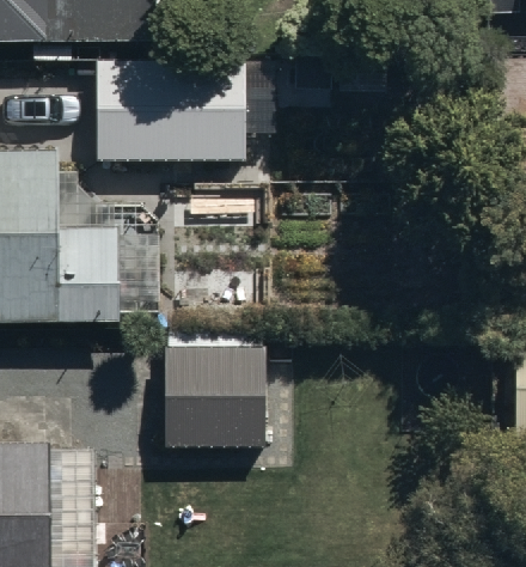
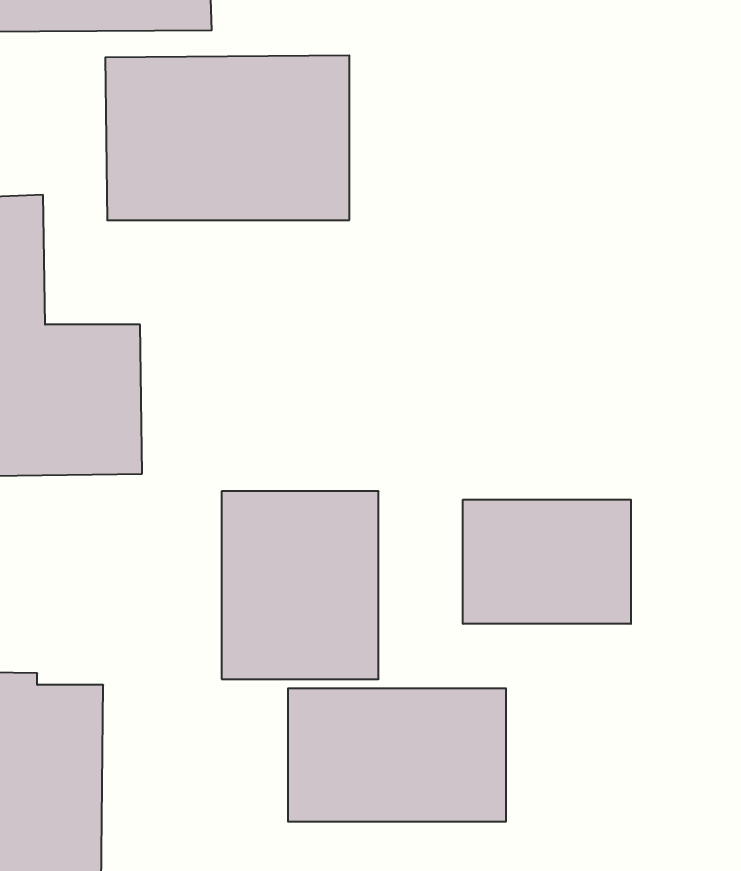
building: none -> [463,500,631,624]
building: none -> [288,688,506,822]

